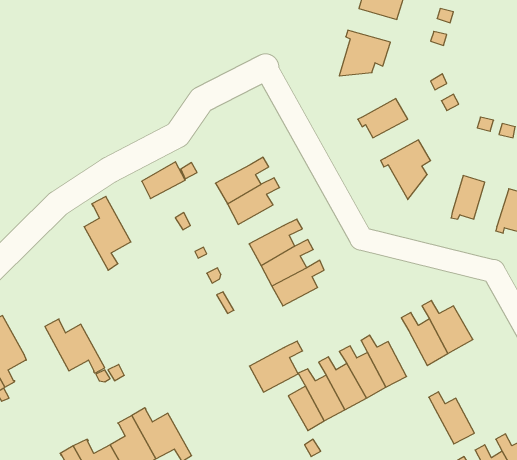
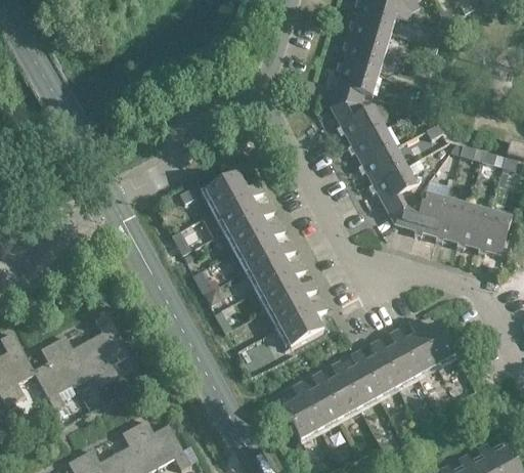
building: none -> [342,40,384,73]
building: none -> [330,101,383,143]
building: none -> [357,145,404,182]
building: [142,162,185,199] -> [205,171,246,206]
building: none -> [394,192,446,233]
building: none -> [455,205,489,247]
building: [84,196,131,270] -> [86,310,130,380]
building: none -> [234,220,283,263]
building: none -> [33,341,75,410]
building: [249,341,303,392] -> [276,298,326,346]
building: [429,392,474,444] -> [369,339,412,388]

